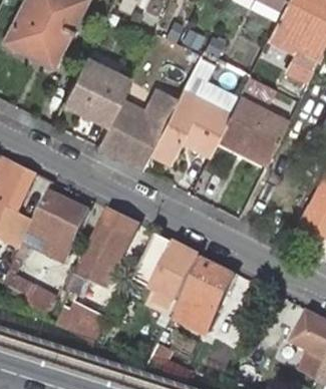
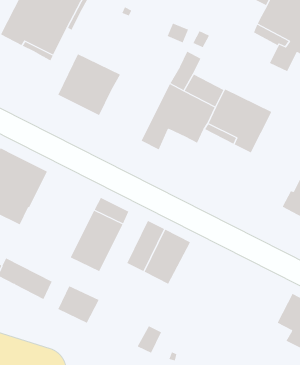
building: [97,88,178,170] -> none
building: [25,193,91,263] -> none
building: [176,259,238,334] -> none

